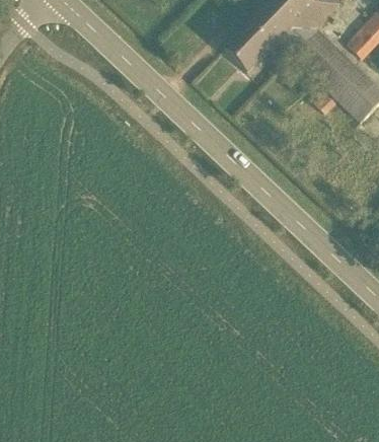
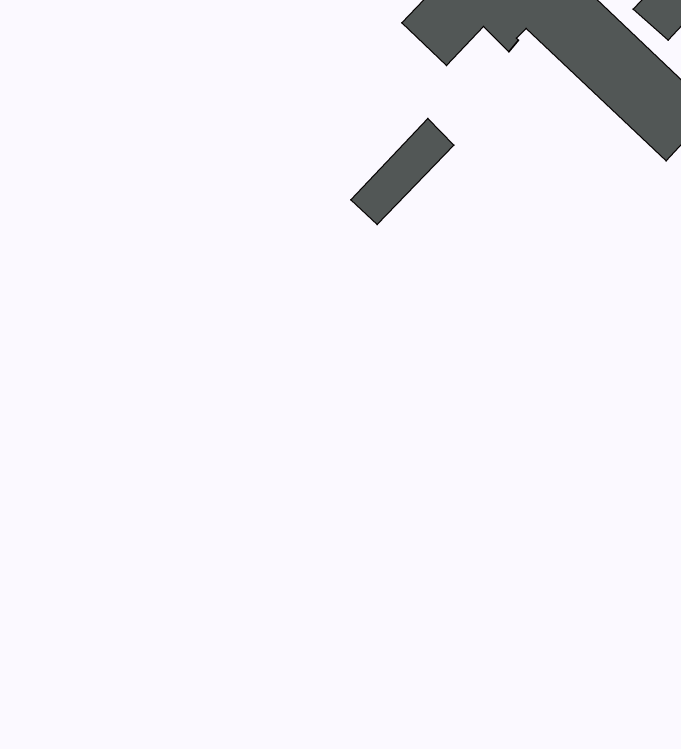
building: none -> [351,119,454,225]

